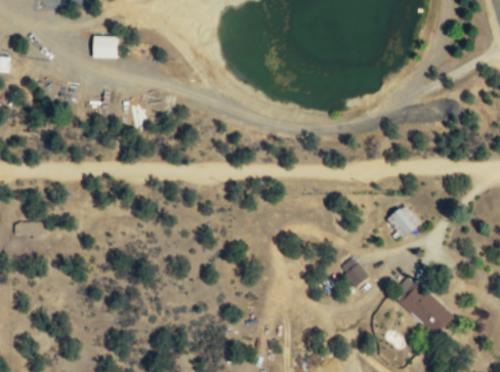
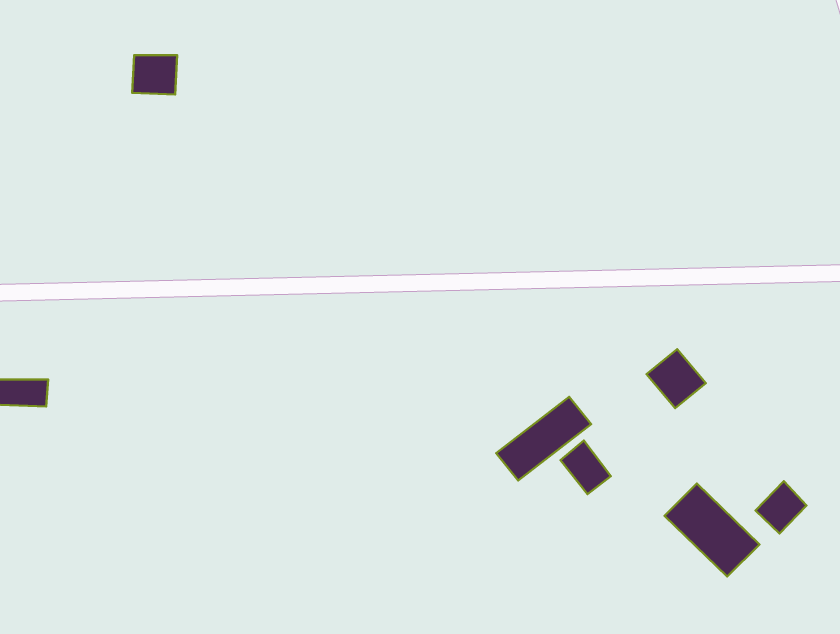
building: none -> [496,397,591,481]
building: none -> [756,481,806,534]

